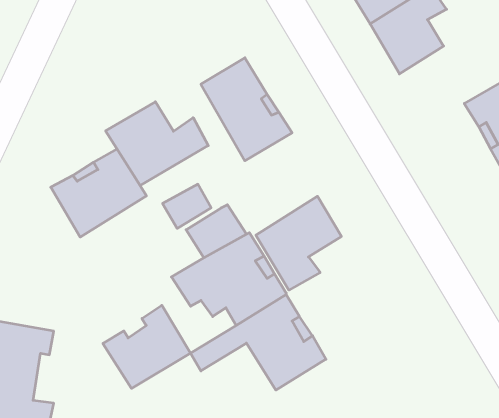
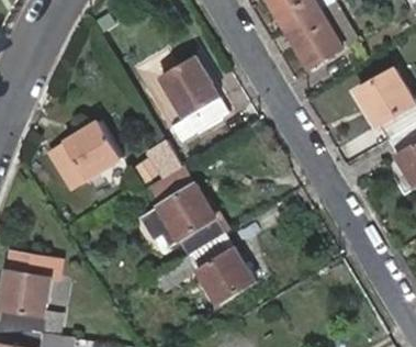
building: [106,102,208,186] -> none
building: [256,196,341,290] -> none
building: [103,305,191,388] -> none

